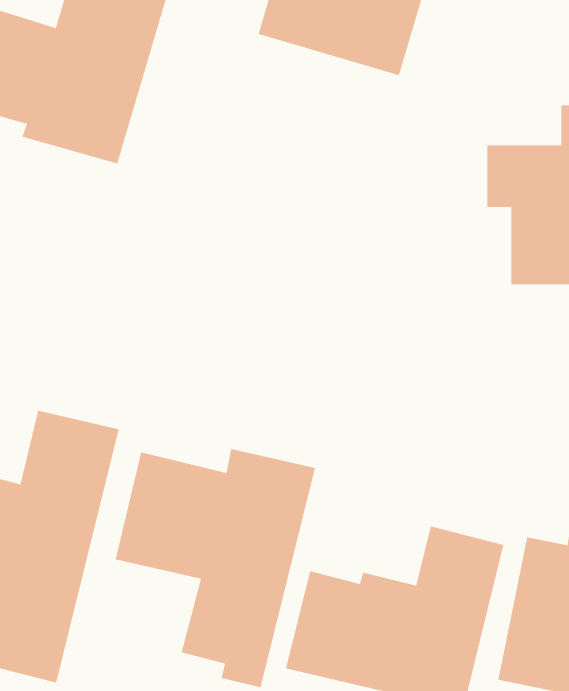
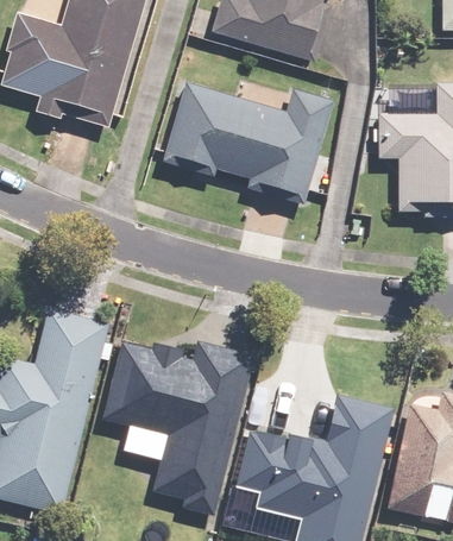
building: none -> [163,81,336,202]

